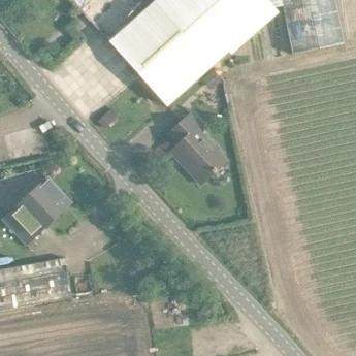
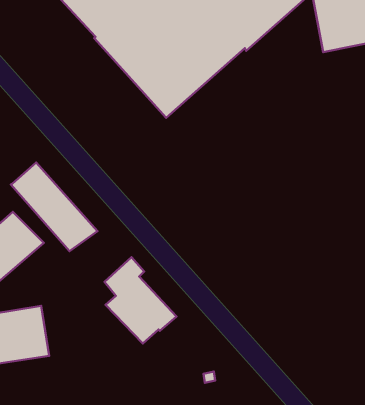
building: [169,111,227,181] -> [104,257,176,344]
building: none -> [11,162,97,251]

